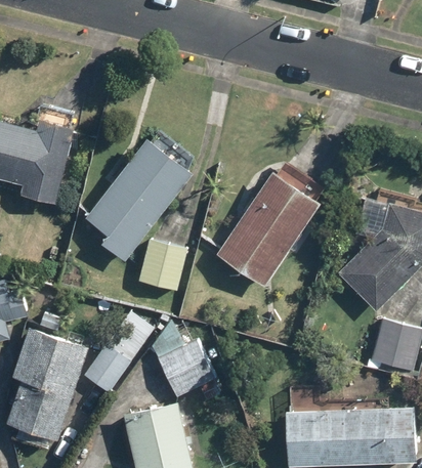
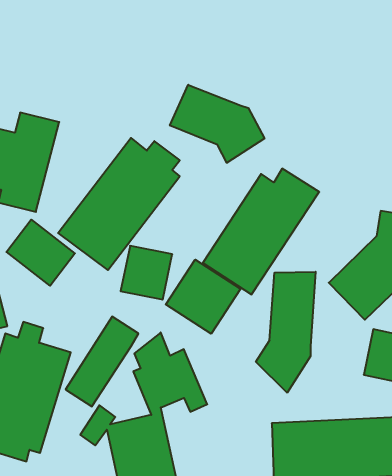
building: none -> [170,85,264,163]
building: none -> [6,220,75,286]
building: none -> [166,260,240,334]
building: none -> [256,272,316,393]

